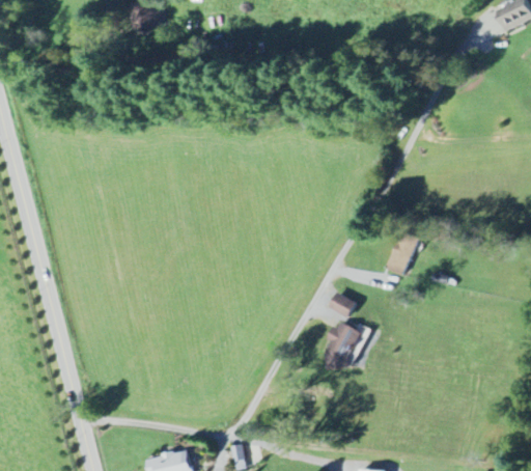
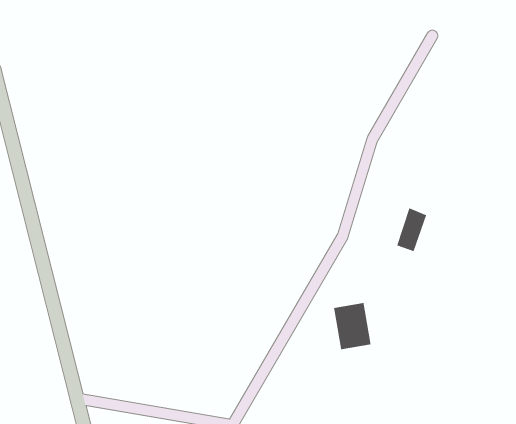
building: [330,293,358,317] -> none

